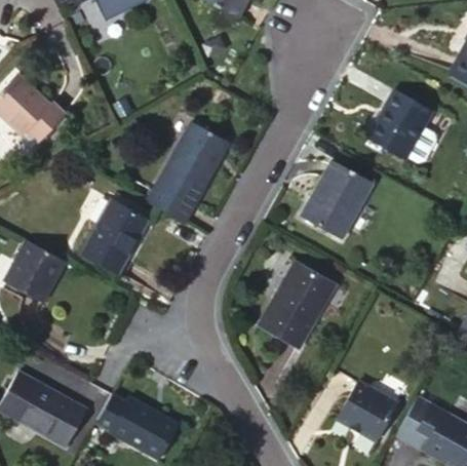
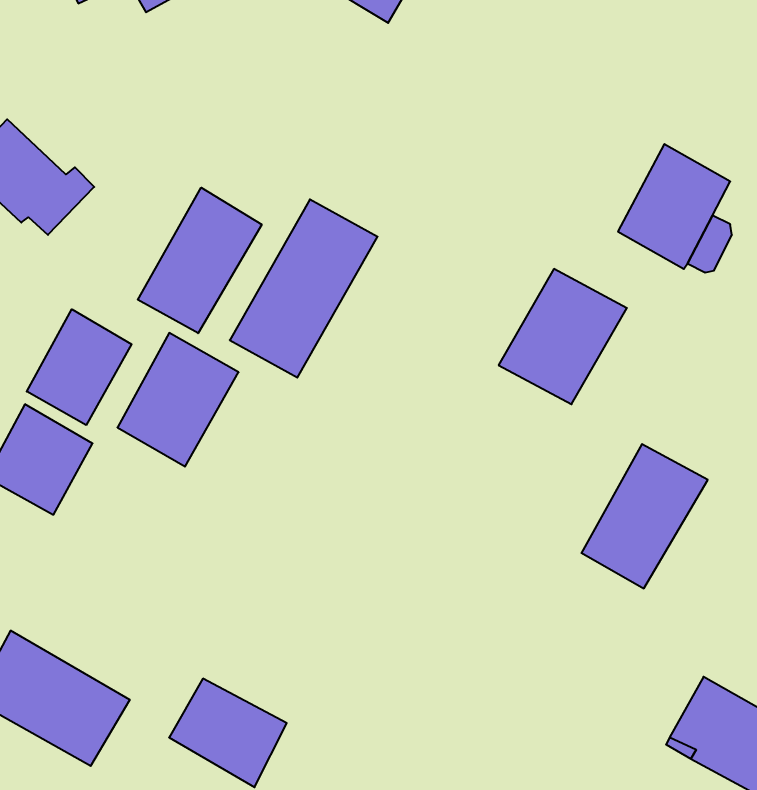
building: none -> [138,188,262,333]
building: none -> [27,309,132,425]
building: [261,263,334,346] -> [581,444,708,588]
building: [337,381,398,441] -> none

